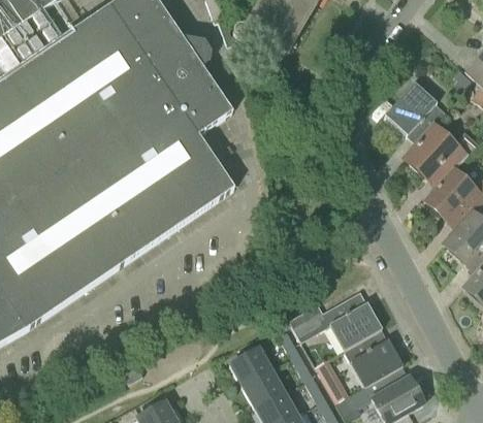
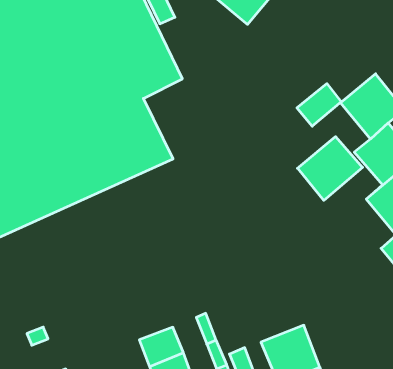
building: none -> [297,84,341,126]
building: none -> [297,137,363,200]
building: [287,289,380,348] -> none

